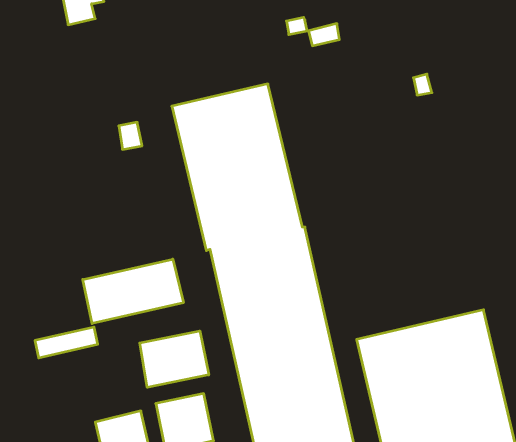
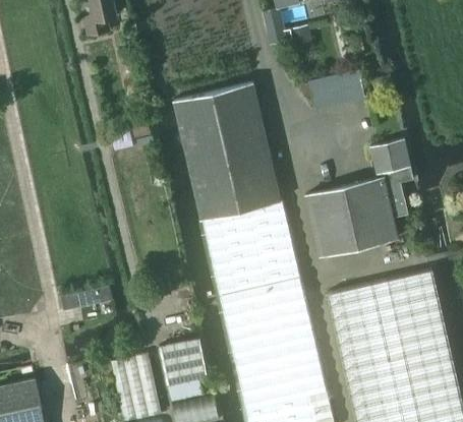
building: none -> [306,140,413,257]
building: [83,259,183,324] -> none
building: [140,331,209,387] -> none

